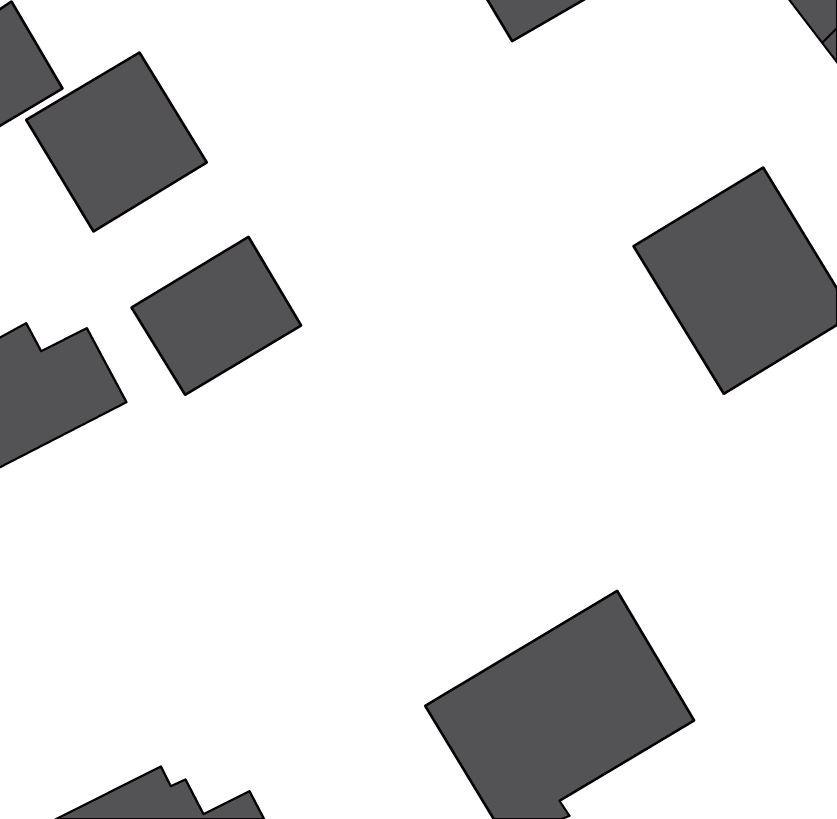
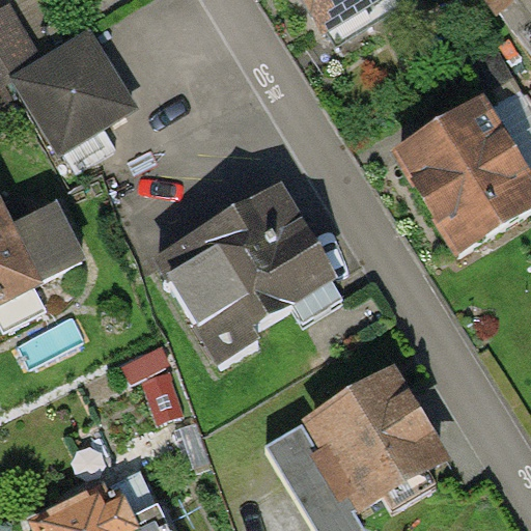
building: [131,237,301,395] -> none
building: none -> [159,185,334,361]

